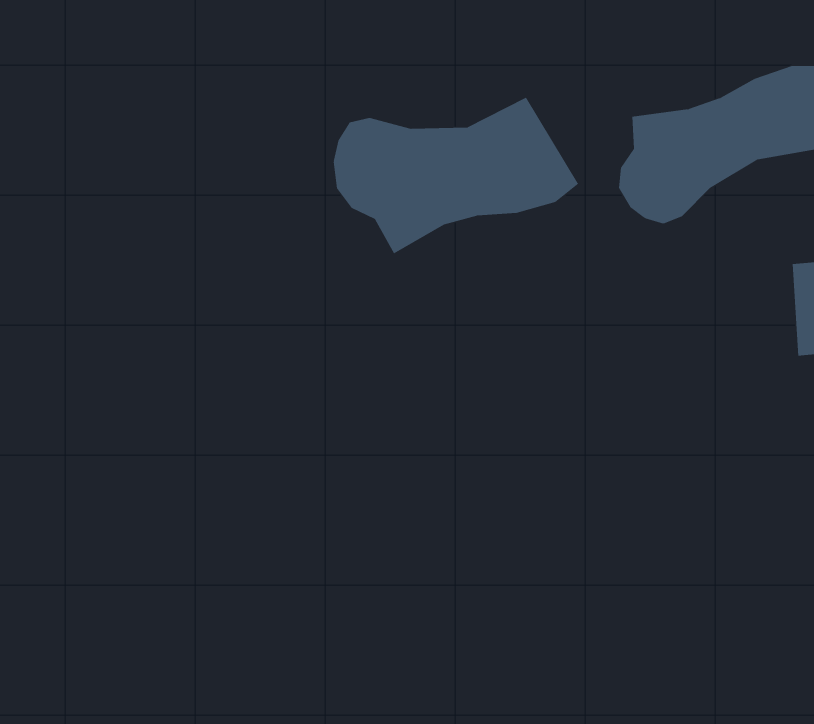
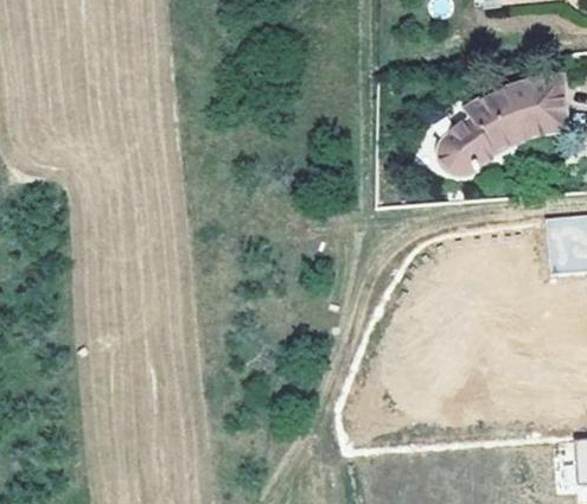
building: [333,97,579,254] -> none

